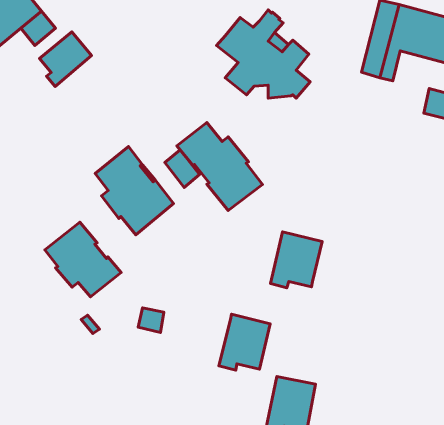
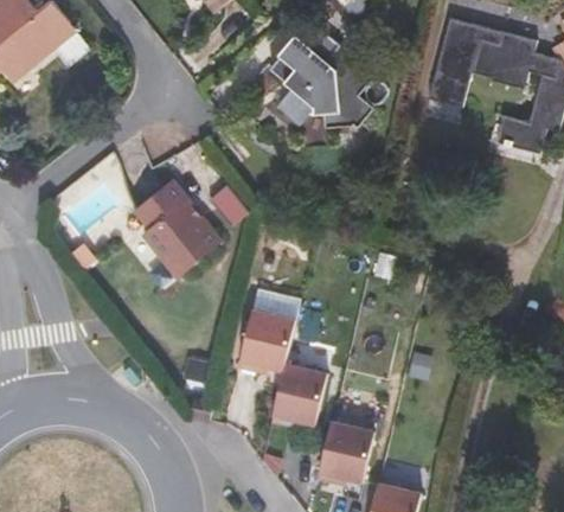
building: [40,32,92,87] -> none
building: [177,123,263,210] -> none
building: [45,222,121,297] -> none
building: [271,232,322,288] -> [237,308,294,370]

